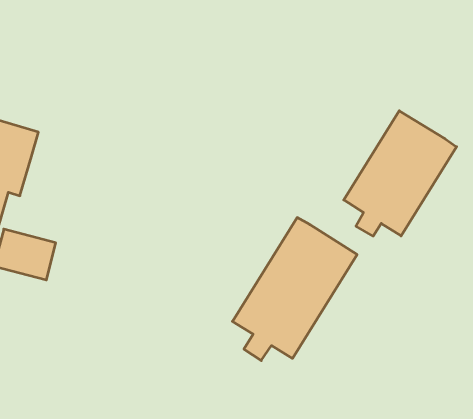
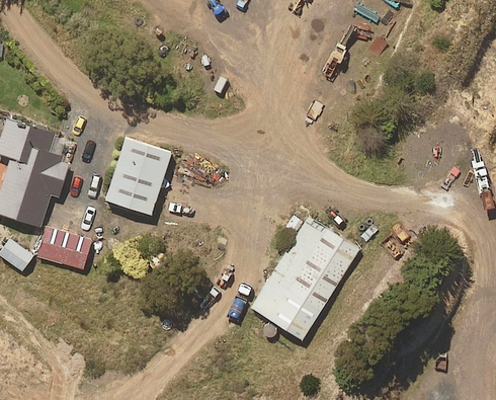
building: [344,111,457,236] -> none
building: none -> [107,138,173,216]

